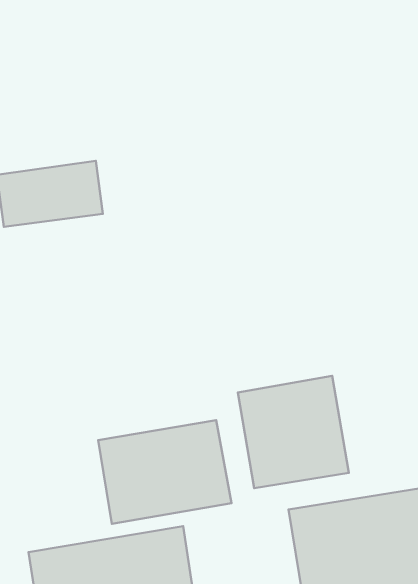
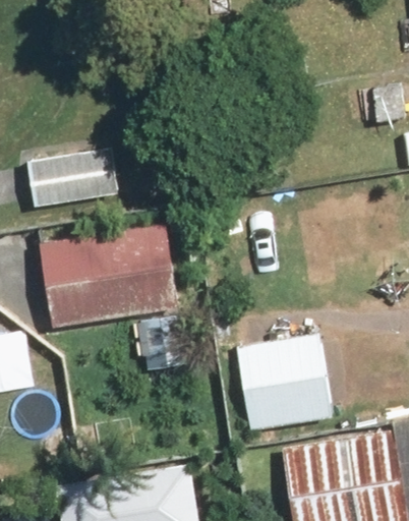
building: none -> [42,224,180,325]
building: [98,420,231,524] -> none

